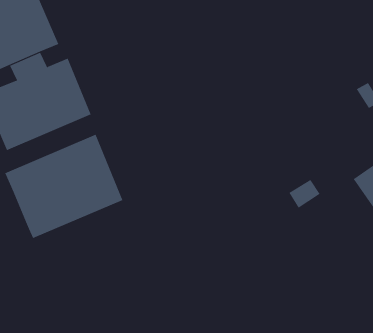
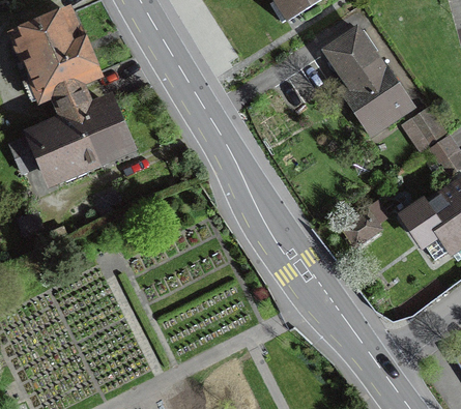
building: none -> [317,32,413,145]
building: [4,134,123,239] -> none

